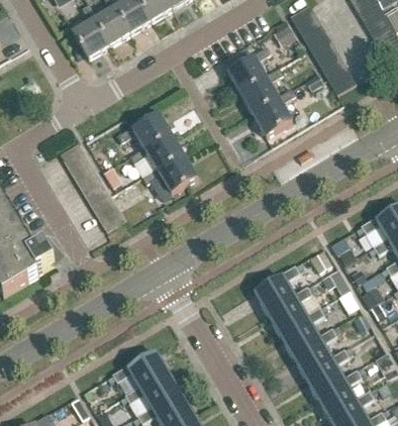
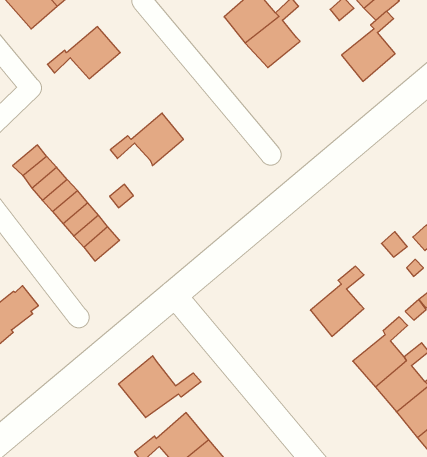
building: [255,89,296,136] -> [342,11,395,81]
building: [120,114,174,150] -> [47,27,120,79]
building: [145,156,199,192] -> none
building: [269,288,311,335] -> none
building: none -> [119,356,201,418]

